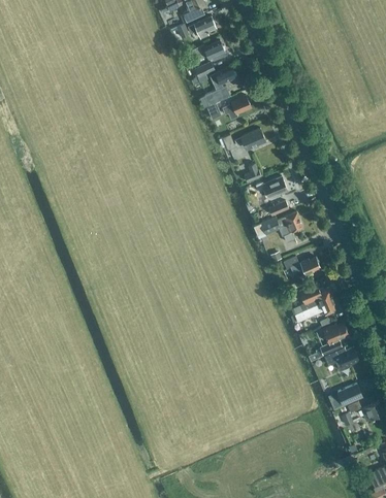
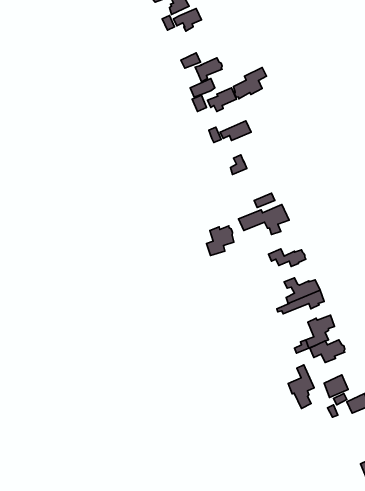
building: [192,40,226,60] -> none
building: none -> [233,68,267,99]
building: [256,175,288,198] -> none
building: none -> [207,226,234,255]
building: none -> [288,365,314,409]

